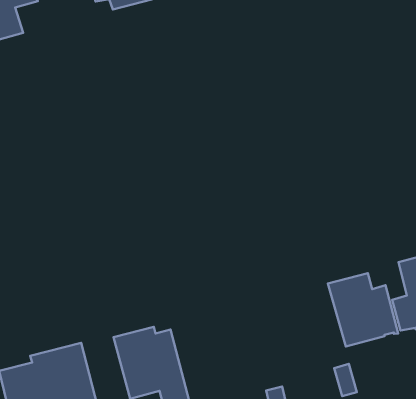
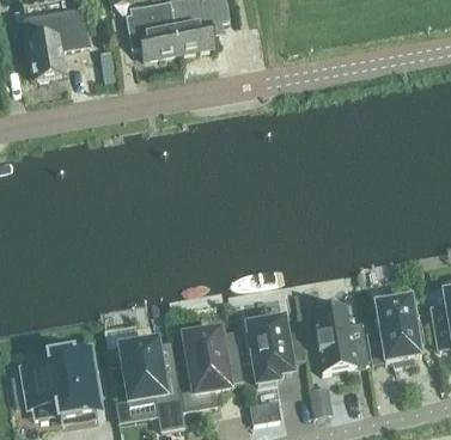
building: none -> [248,317,304,380]
building: none -> [184,328,240,392]

